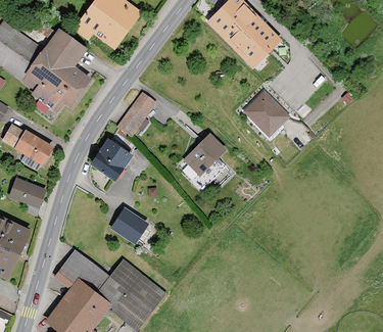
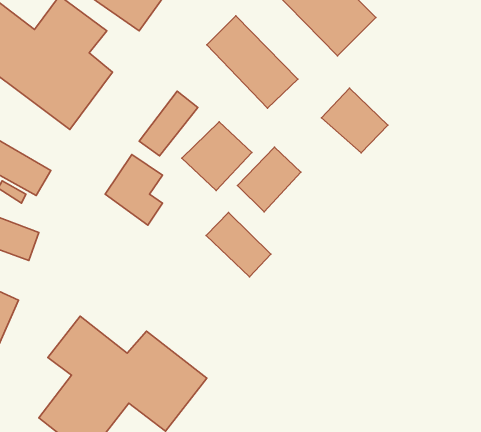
building: none -> [207,16,298,108]
building: none -> [182,122,252,191]
building: none -> [206,212,271,277]
building: [109,207,148,245] -> none

